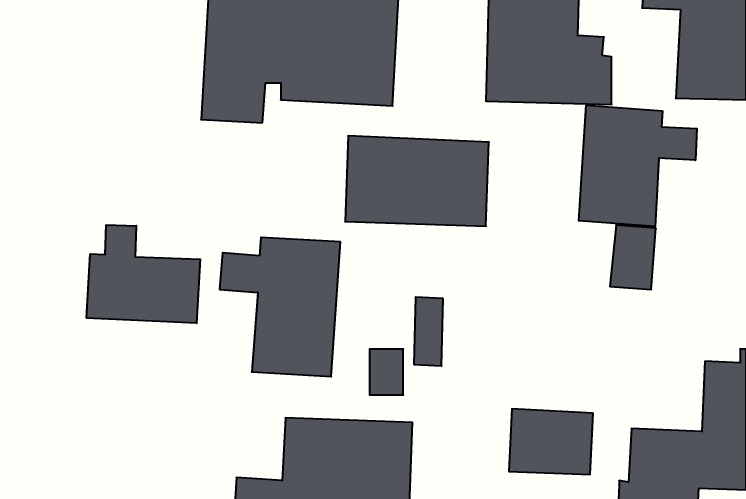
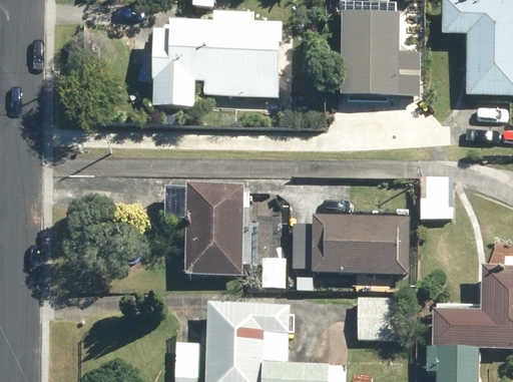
building: [579,105,697,227] -> none
building: [345,136,489,226] -> [314,216,408,275]
building: [87,225,200,323] -> none

